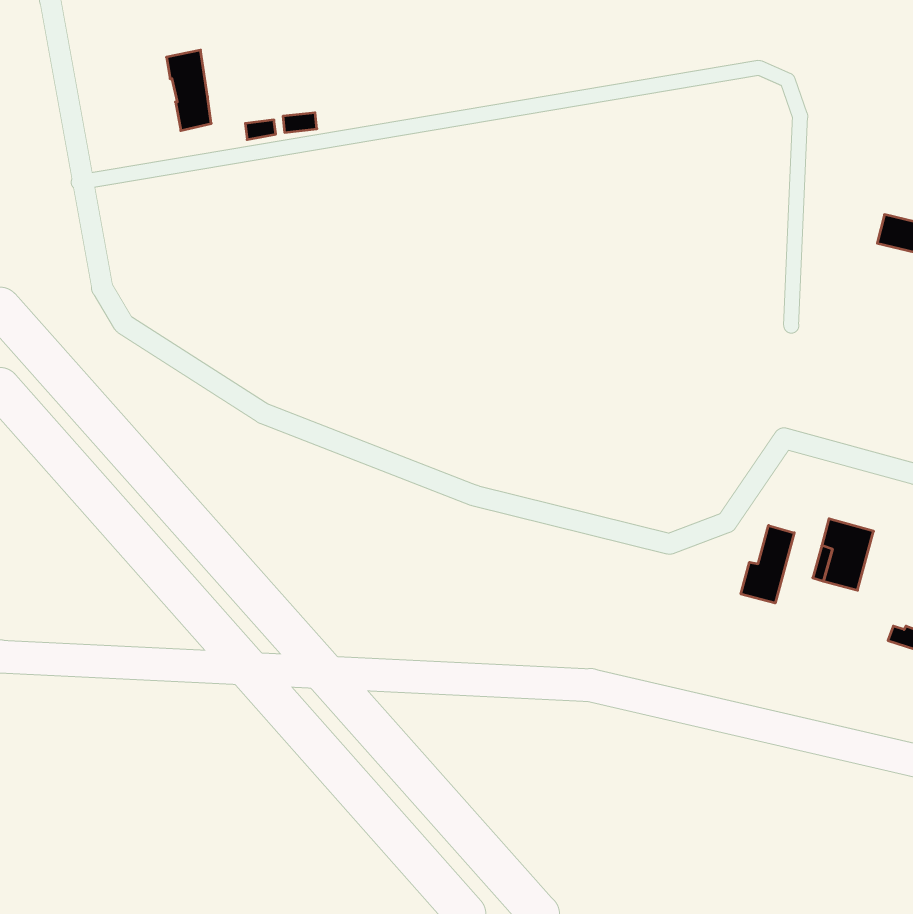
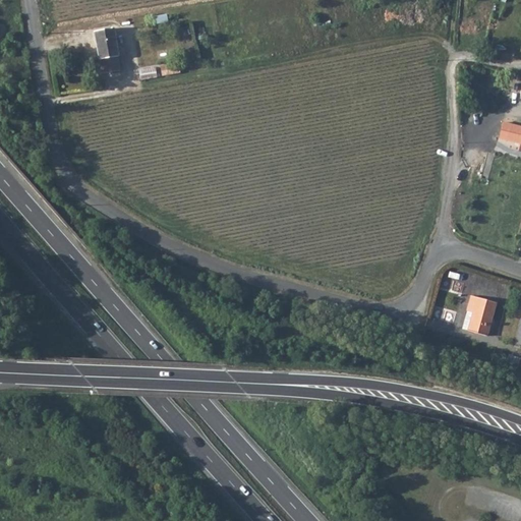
building: [741,525,794,603] -> none

